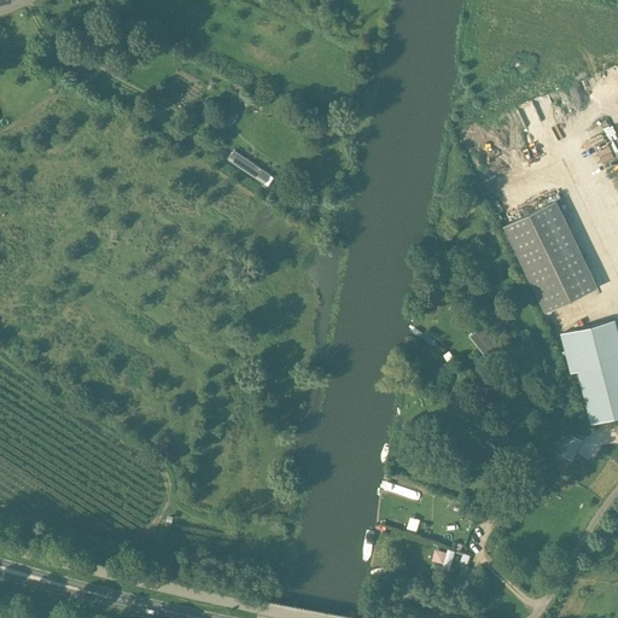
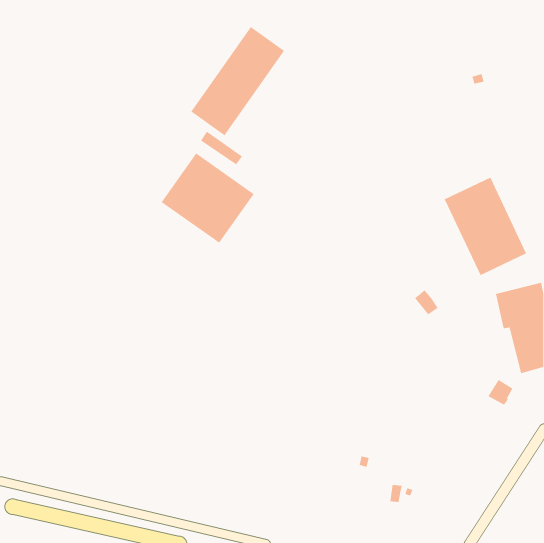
building: none -> [190,26,285,136]
building: none -> [161,153,254,244]

